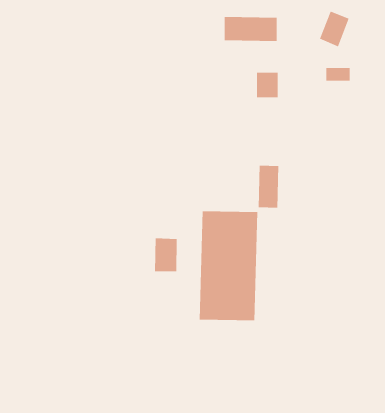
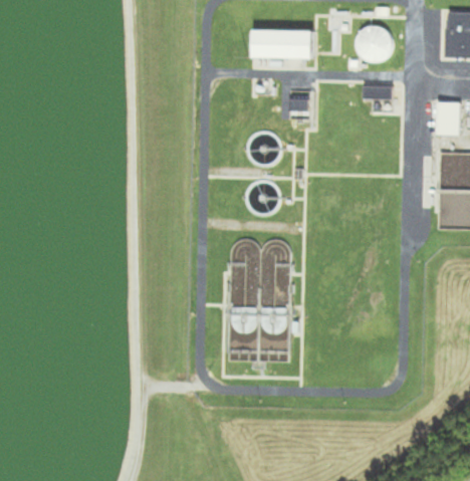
building: [258,165,279,209] -> none
building: [154,238,177,272] -> none

